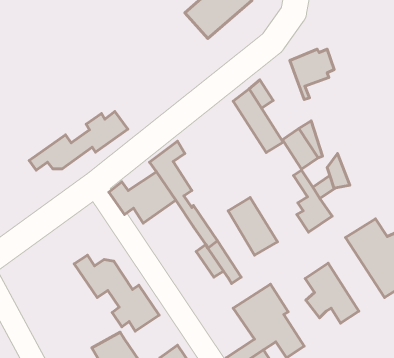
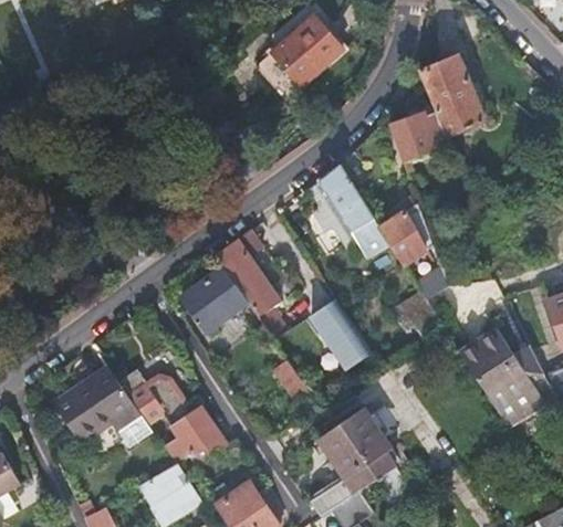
building: none -> [419,56,481,138]
building: [29,112,128,170] -> none
building: none -> [51,363,154,453]
building: [305,263,359,323] -> none

